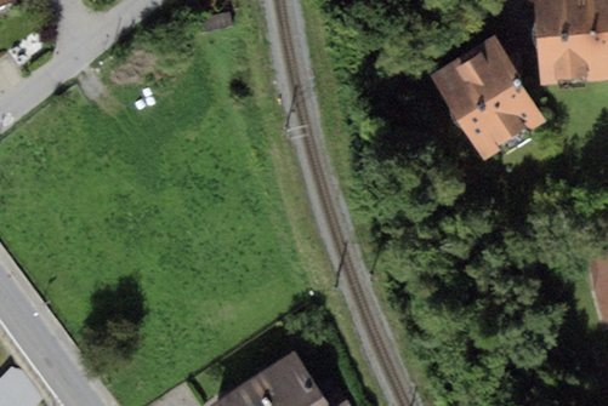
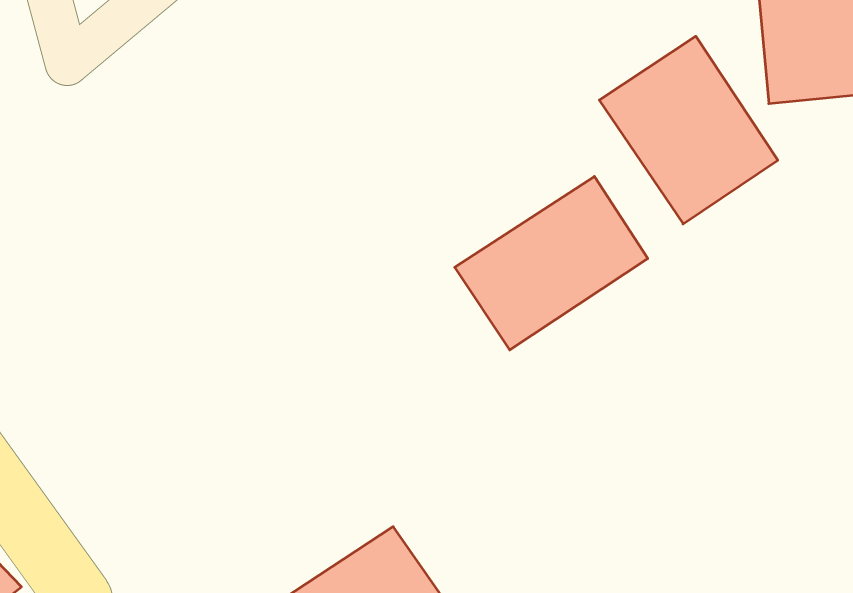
building: none -> [455,176,648,350]

